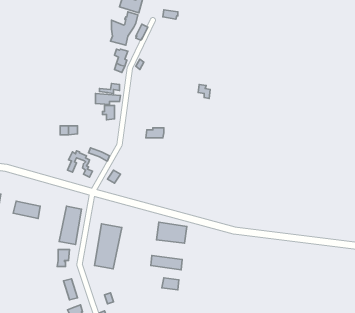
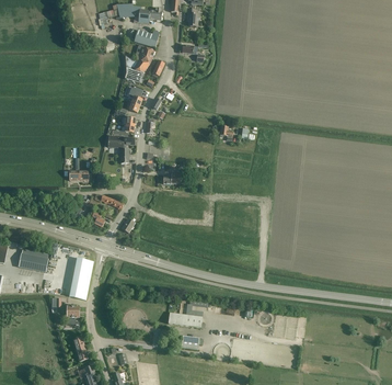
building: [157,222,187,243] -> none
building: [94,224,122,269] -> none

